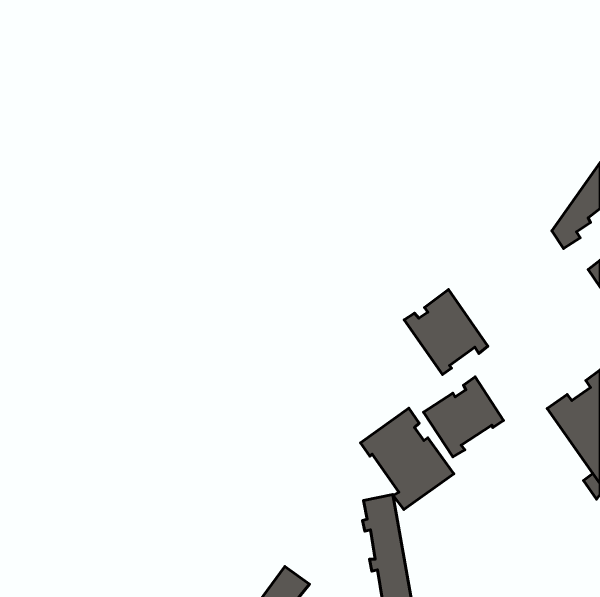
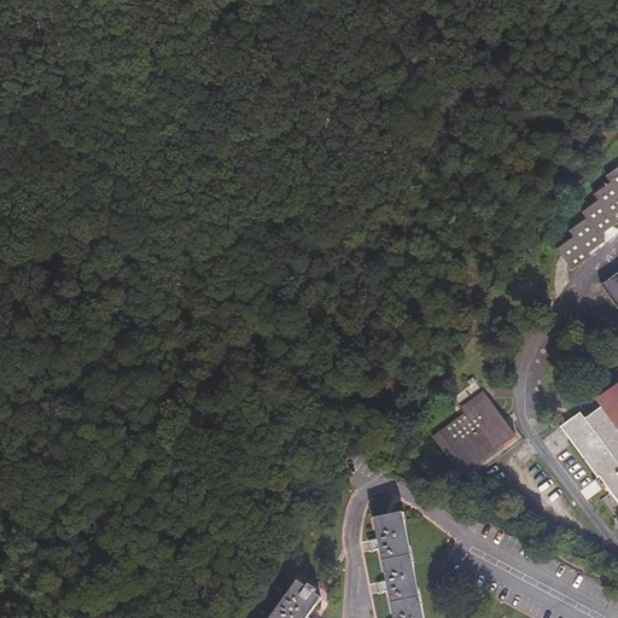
building: [404,290,488,374] -> none
building: [361,408,454,510] -> none

